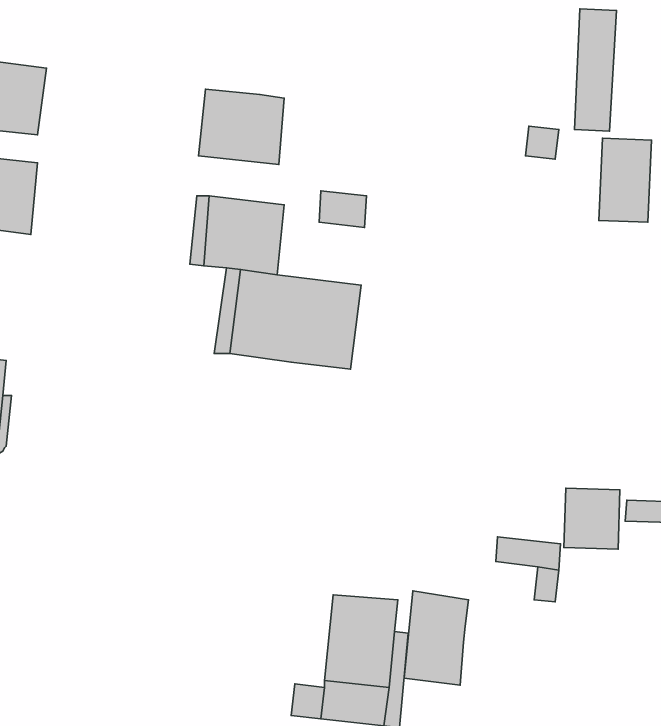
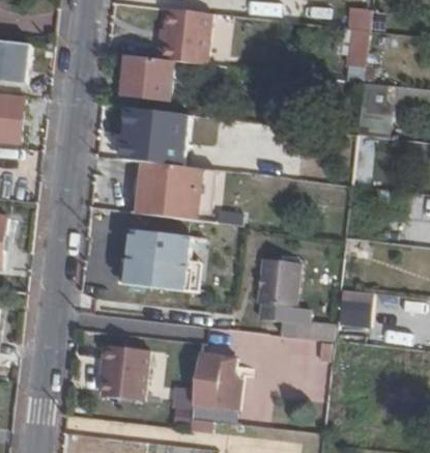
building: none -> [156,8,213,64]
building: none -> [126,231,190,291]
building: none -> [260,256,302,304]
building: none -> [103,345,149,400]
building: [404,591,468,685] -> none

